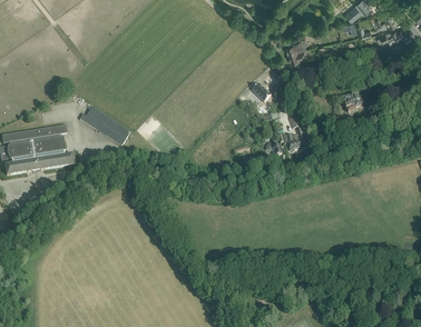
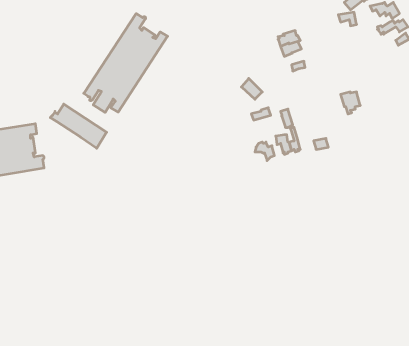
building: none -> [84,14,168,112]

